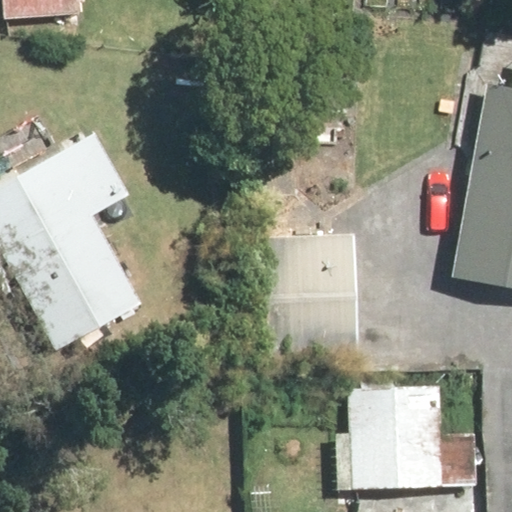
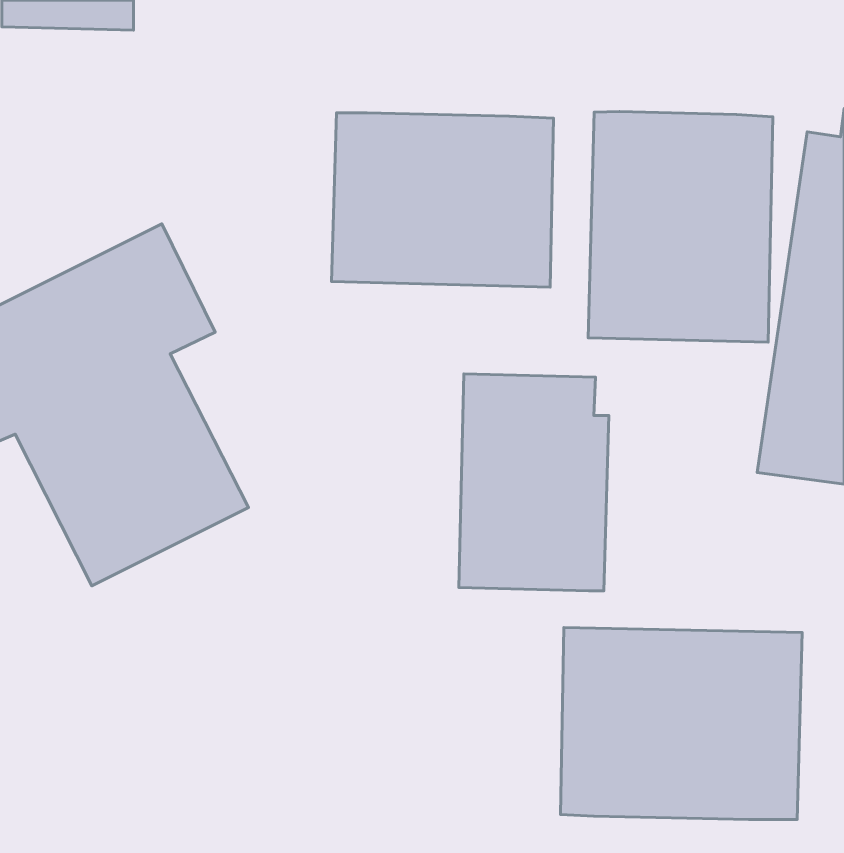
building: none -> [588,112,773,342]
building: none -> [332,113,553,287]

